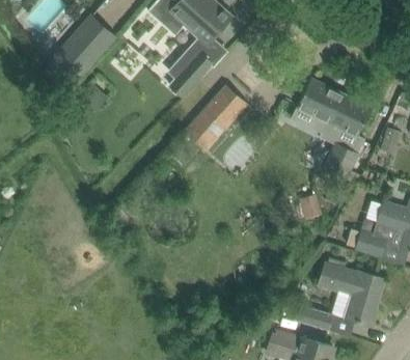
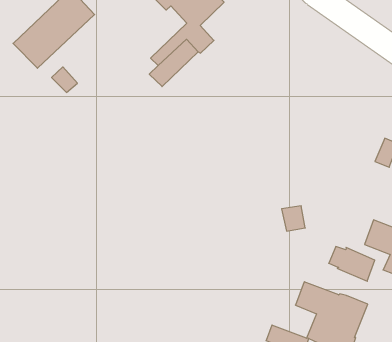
building: [297,79,372,181] -> none
building: [184,85,248,151] -> none

